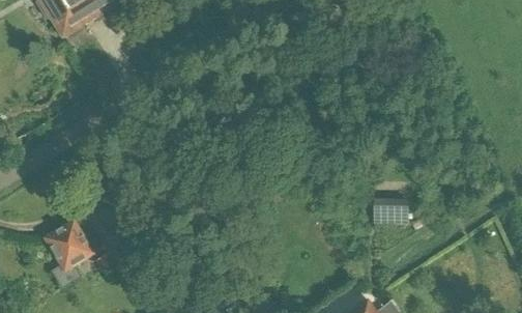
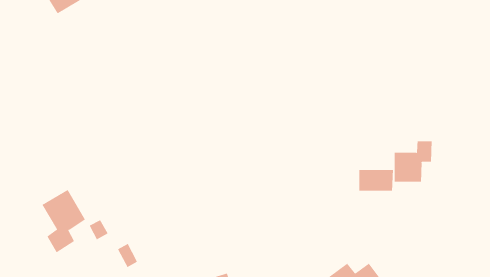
building: none -> [394,140,432,182]

